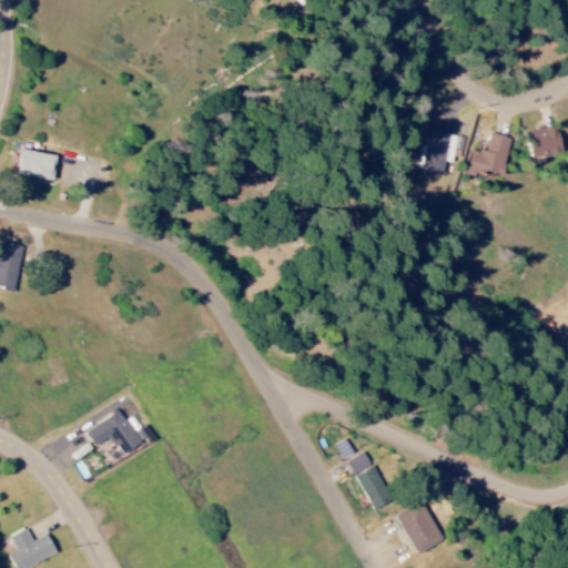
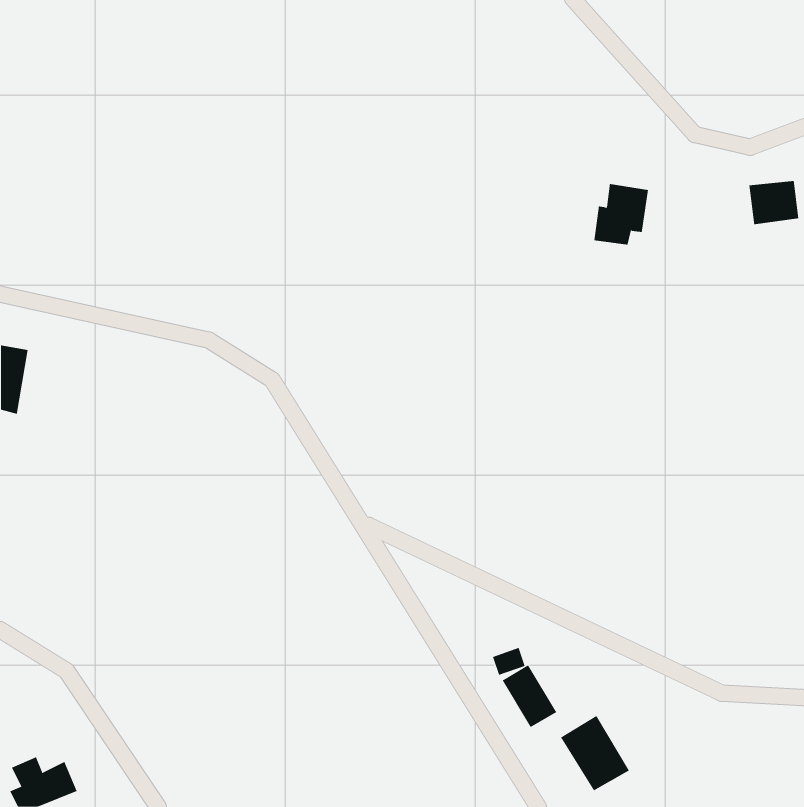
building: [467,133,513,176] -> none
building: [17,149,59,181] -> none
building: [87,409,151,455] -> none

